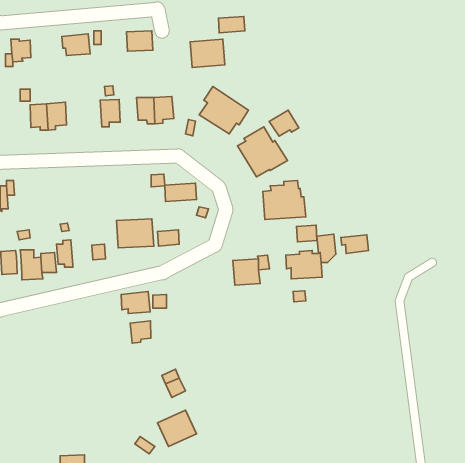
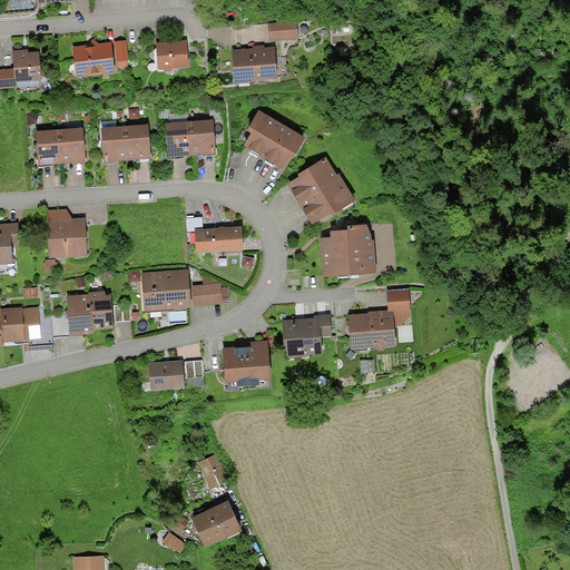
building: none -> [102,126,125,159]
building: [269,110,299,136] -> none
building: none -> [48,210,86,255]
building: [297,225,317,242] -> none
building: [341,235,368,253] -> none
building: none -> [87,291,110,327]
building: none -> [224,343,267,384]
building: [130,321,151,343] -> none

